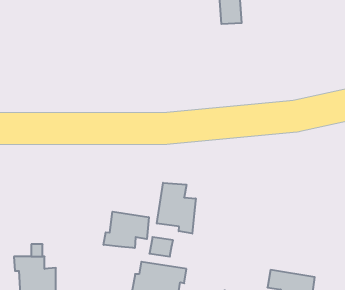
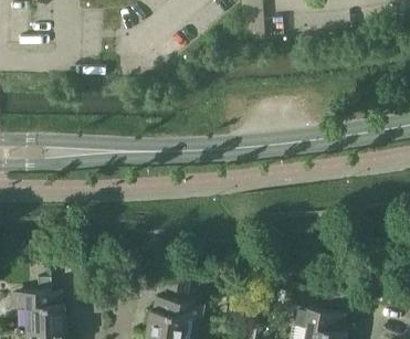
building: [157,183,196,234] -> none
building: [104,212,149,248] -> none

